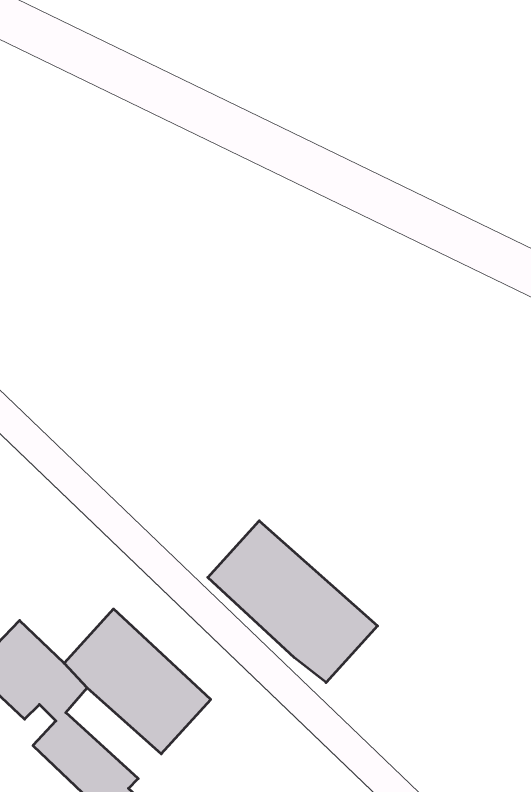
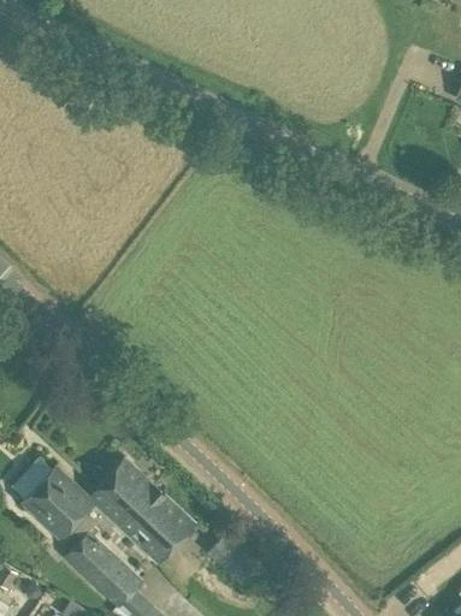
building: [208,521,378,683] -> none

